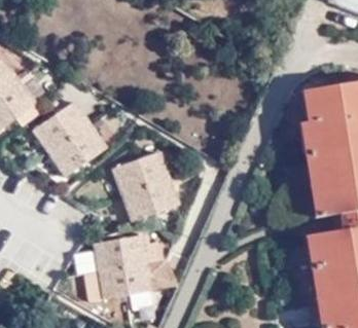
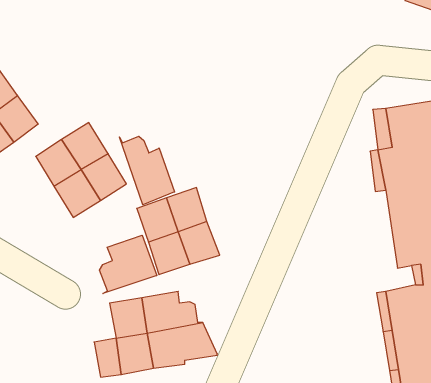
building: none -> [119,136,175,205]
building: none -> [100,235,157,294]

